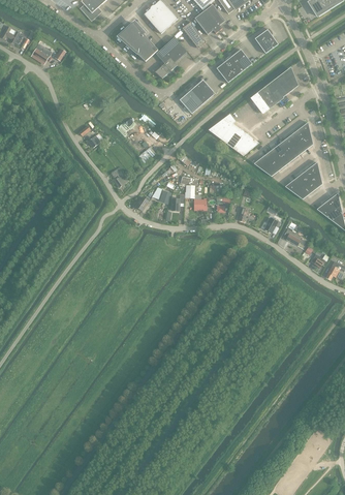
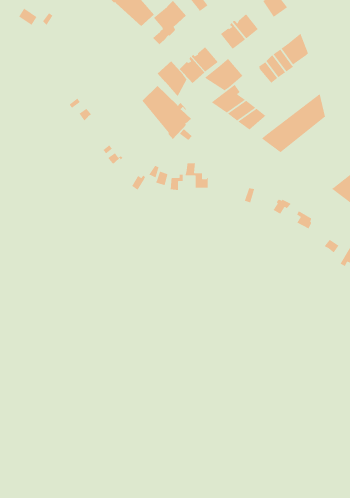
building: none -> [204,58,244,91]
building: none -> [157,61,187,98]
building: none -> [142,85,192,140]
building: [284,161,321,198] -> none

